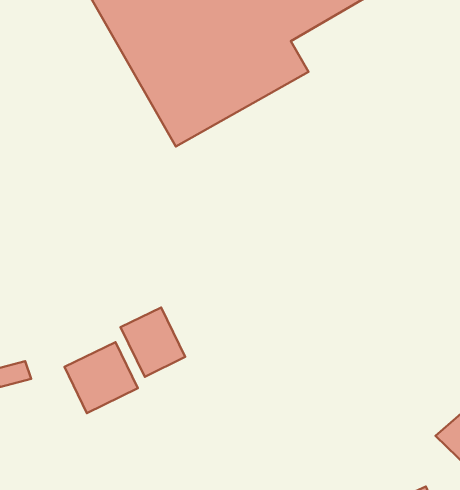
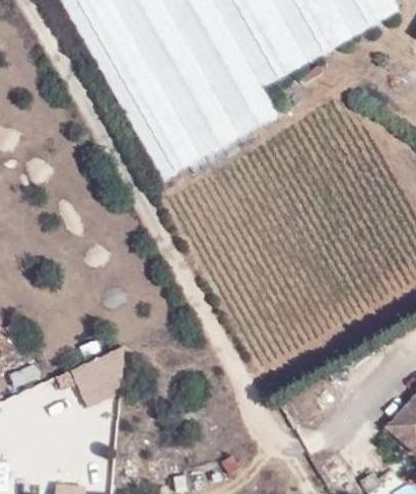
building: [121,307,185,377] -> none

